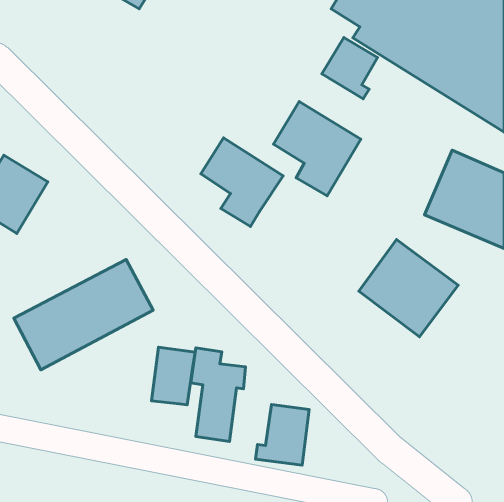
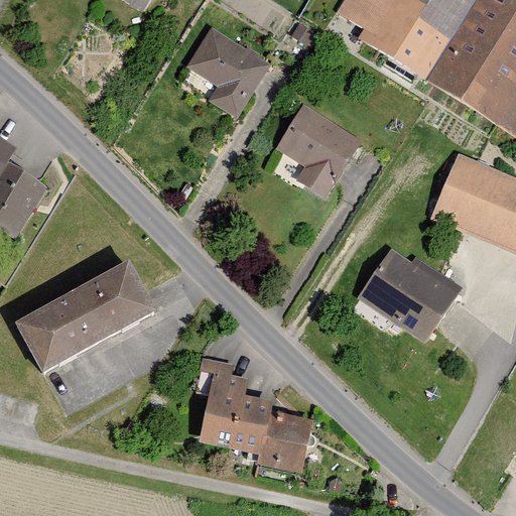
building: [322,38,377,99] -> none
building: [201,138,283,226] -> [186,26,270,116]
building: [151,347,195,405] -> [233,393,277,452]

